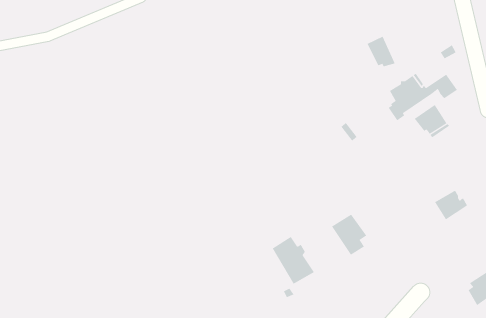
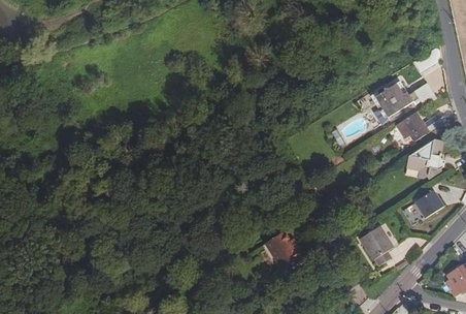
building: [367,36,396,67] -> none
building: none -> [406,138,443,177]
building: [331,214,367,256] -> [360,226,393,264]

